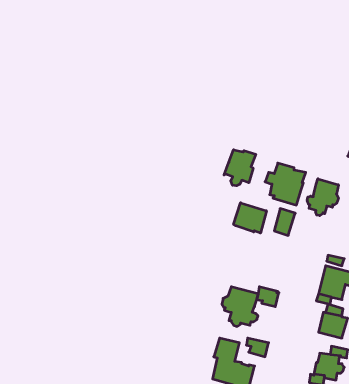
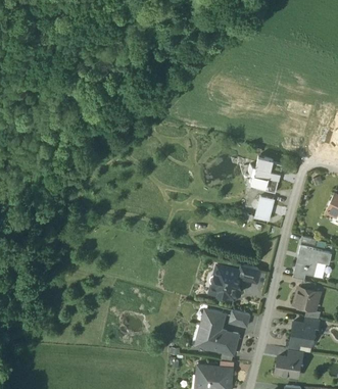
building: [224,150,256,186] -> none
building: [307,179,338,216] -> none
building: [234,203,266,233] -> none

